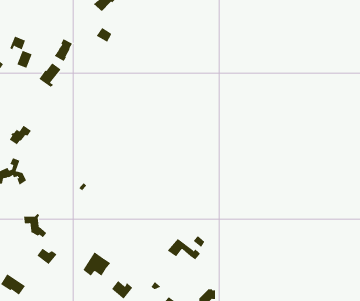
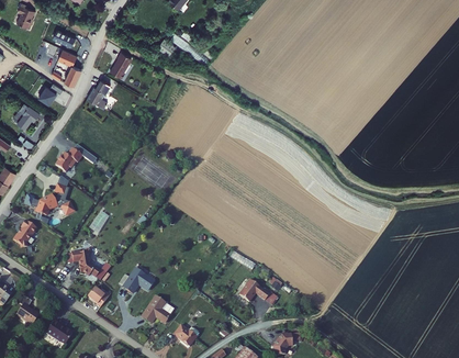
building: none -> [119,267,153,294]

